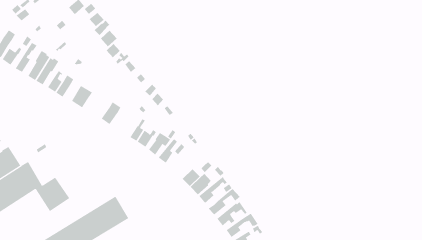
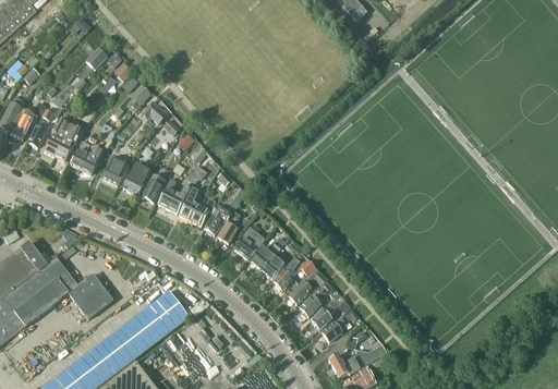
building: none -> [122,163,148,194]
building: none -> [157,178,189,214]
building: none -> [234,227,264,258]

